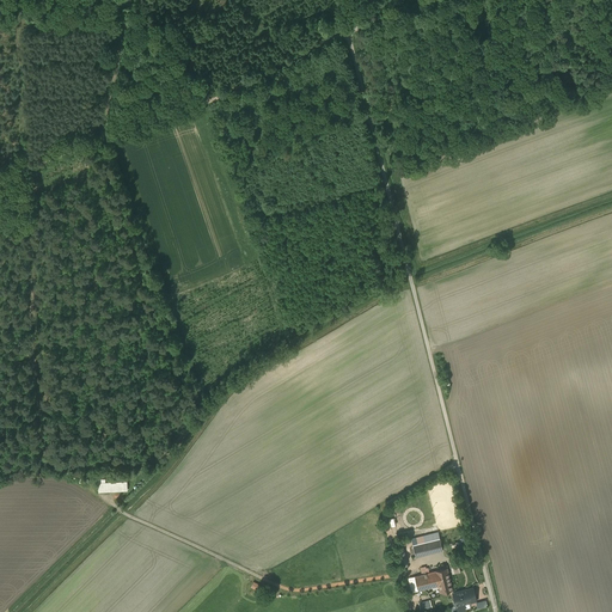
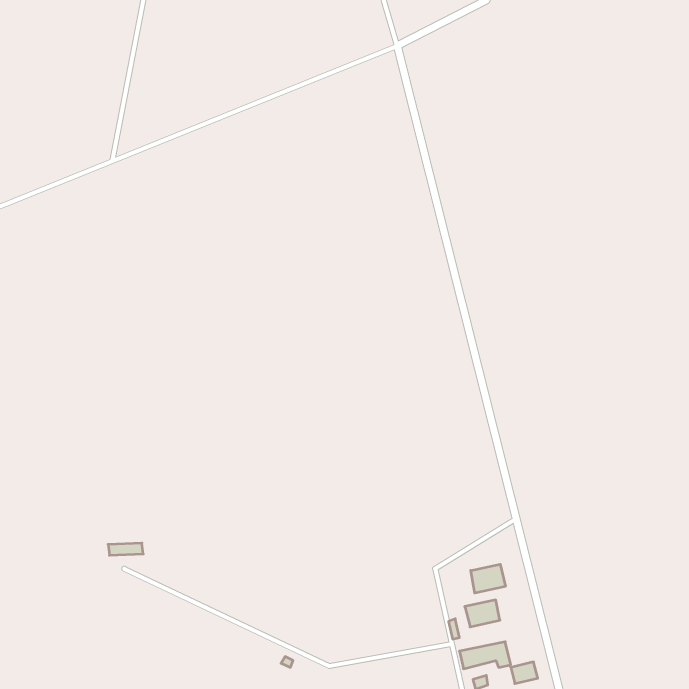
building: none -> [471,564,505,593]

